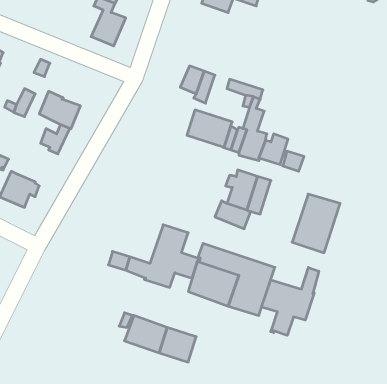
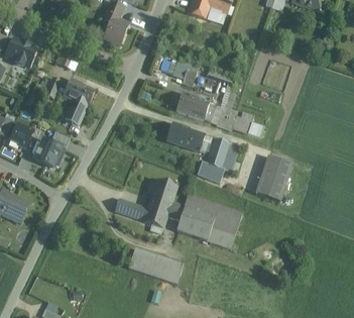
building: none -> [165,124,203,150]
building: [262,267,319,335] -> none

